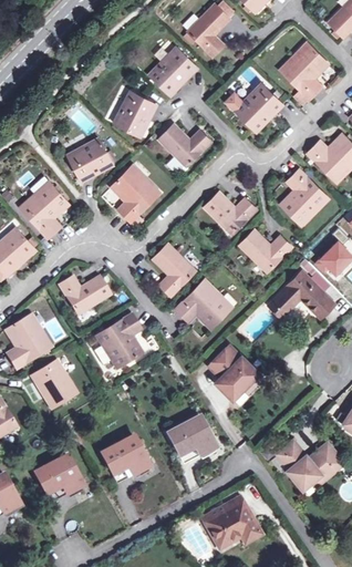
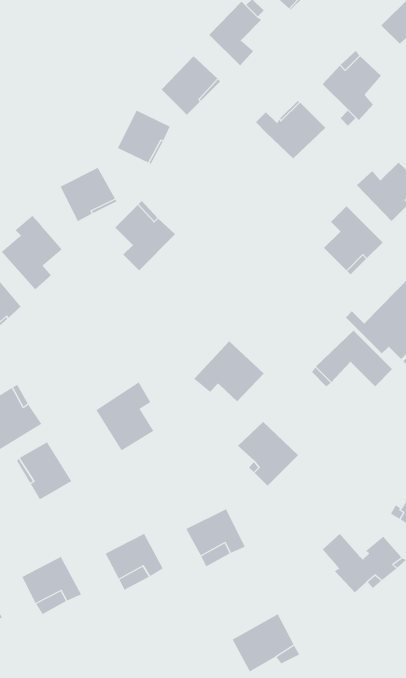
building: [157,124,209,166] -> none
building: [203,192,255,235] -> none
building: [238,229,291,272] -> none
building: [152,244,195,297] -> none
building: [58,276,108,315] -> none

